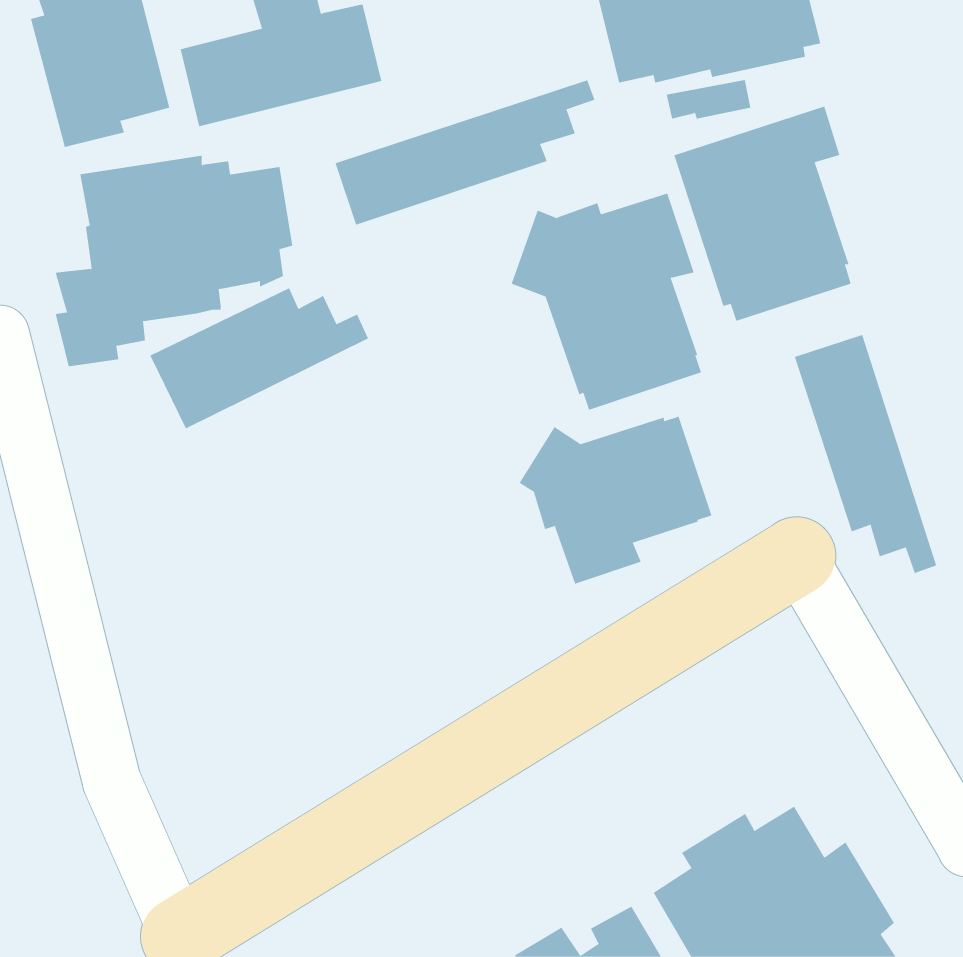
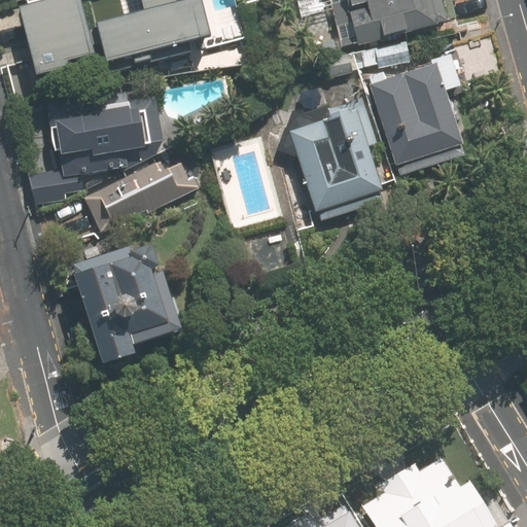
building: [335,80,595,226] -> none
building: [794,334,937,574] -> none
building: [519,416,712,584] -> none
building: none -> [73,252,180,372]

